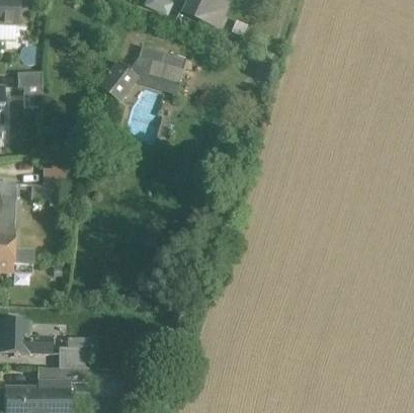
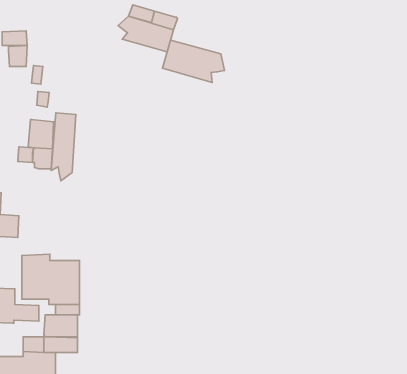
building: [105,61,138,96] -> none
building: none -> [163,40,225,83]
building: none -> [51,113,76,181]
building: none -> [22,254,79,304]

